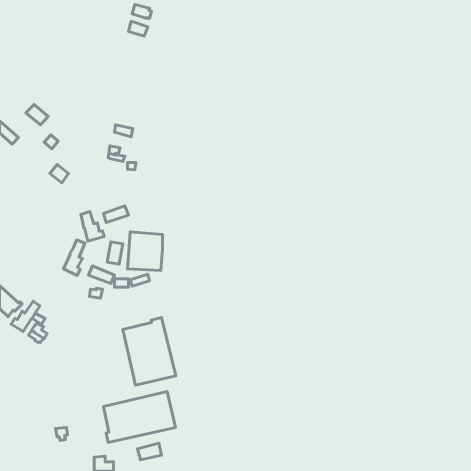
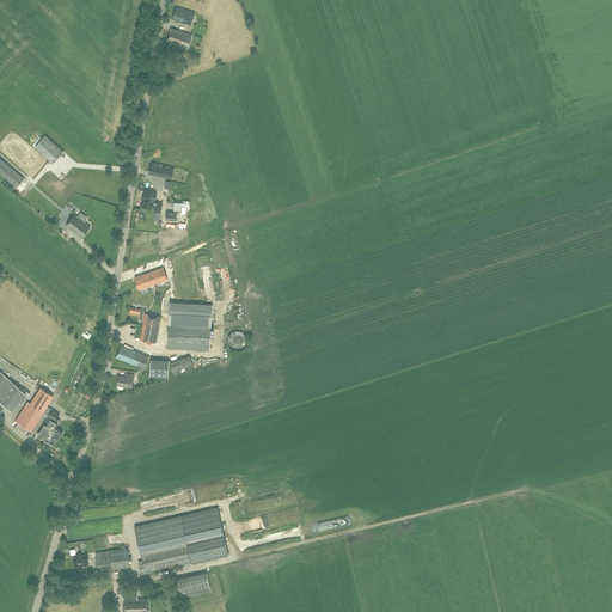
building: [81,211,104,241] -> none
building: [64,240,85,276] -> none
building: [123,317,176,385] -> none
building: none -> [93,547,129,568]

